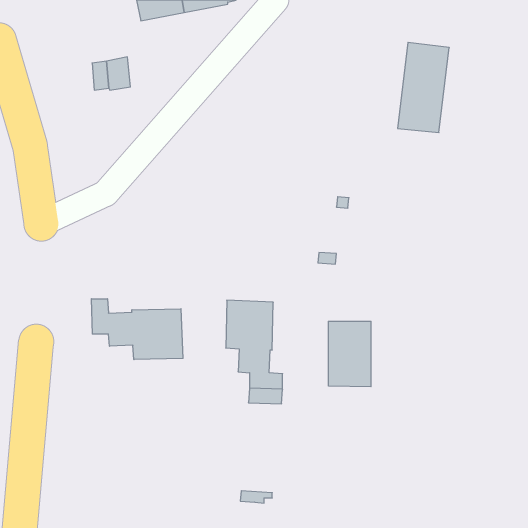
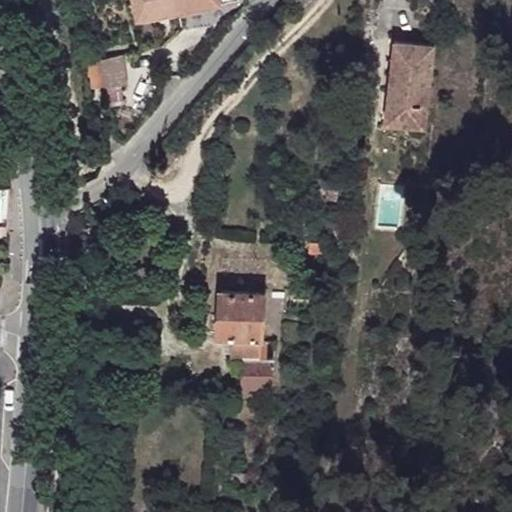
building: [91,299,183,360] -> none
building: [328,321,371,387] -> none

